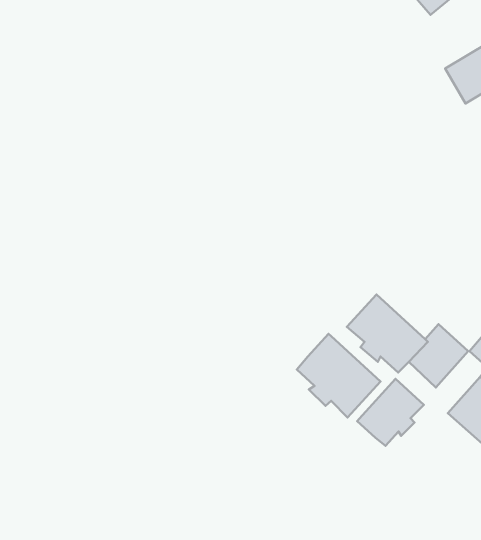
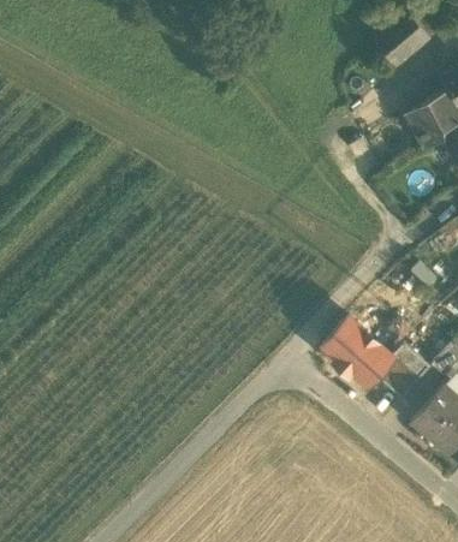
building: [297,334,381,417] -> none
building: [357,379,424,446] -> none

